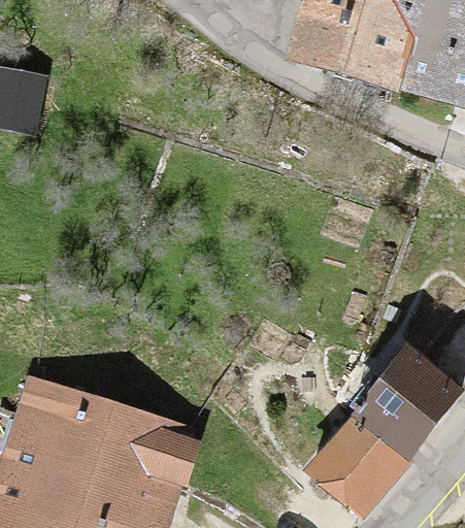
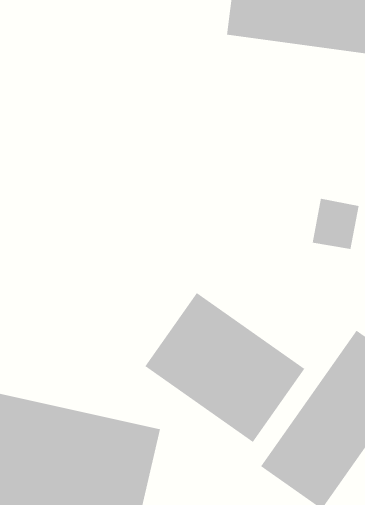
building: none -> [145,292,305,443]

